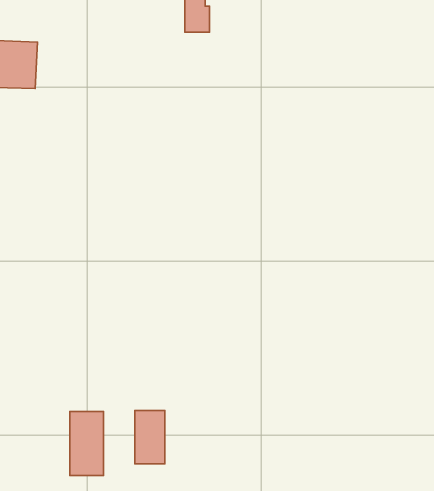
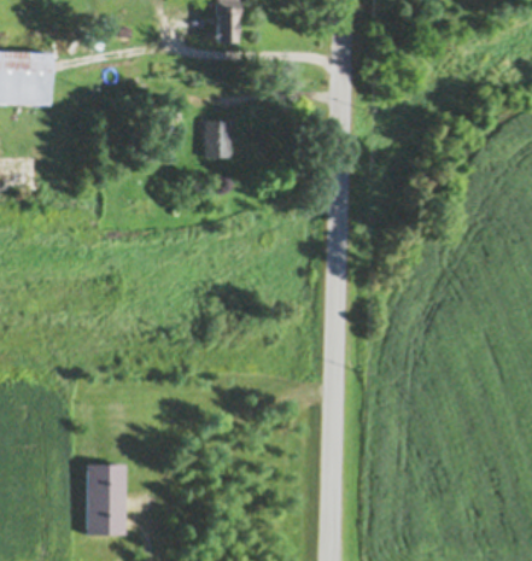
building: none -> [207,121,233,157]
building: [135,411,165,464] -> none

